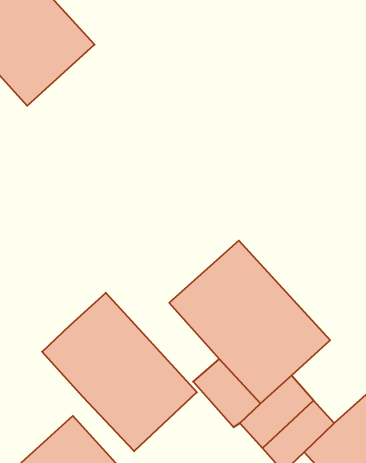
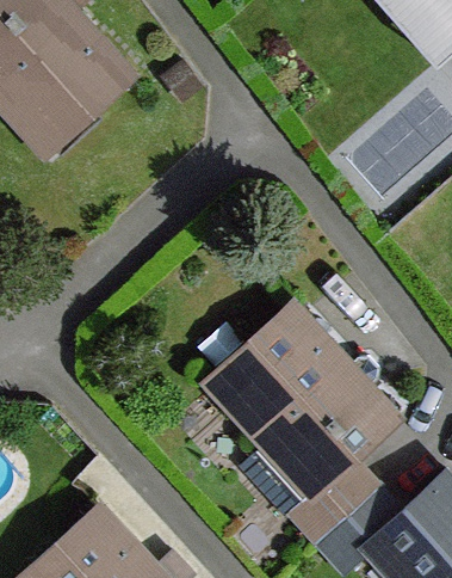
building: [42,293,197,451] -> none

